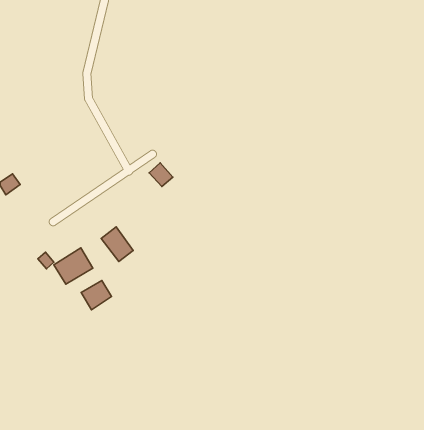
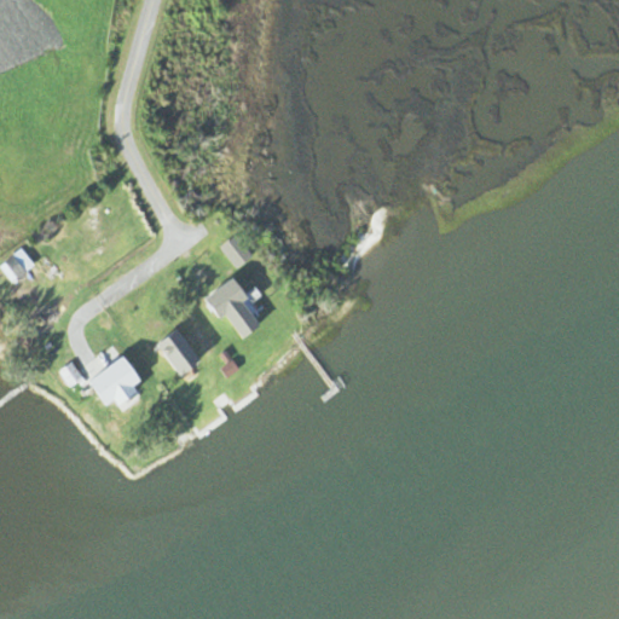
building: none -> [206,277,256,331]
building: [81,280,111,310] -> none

